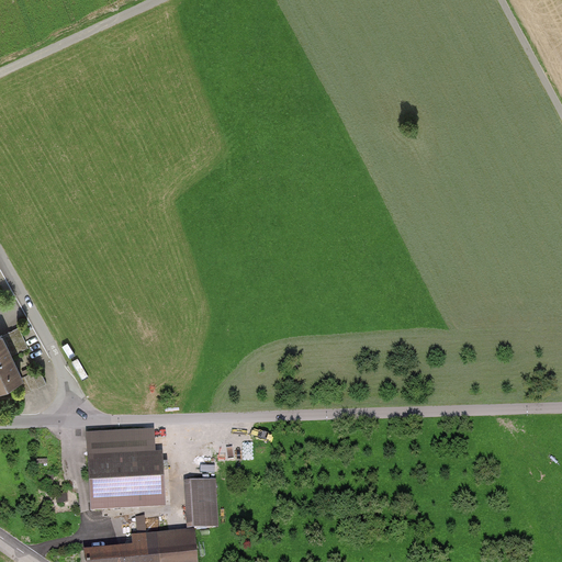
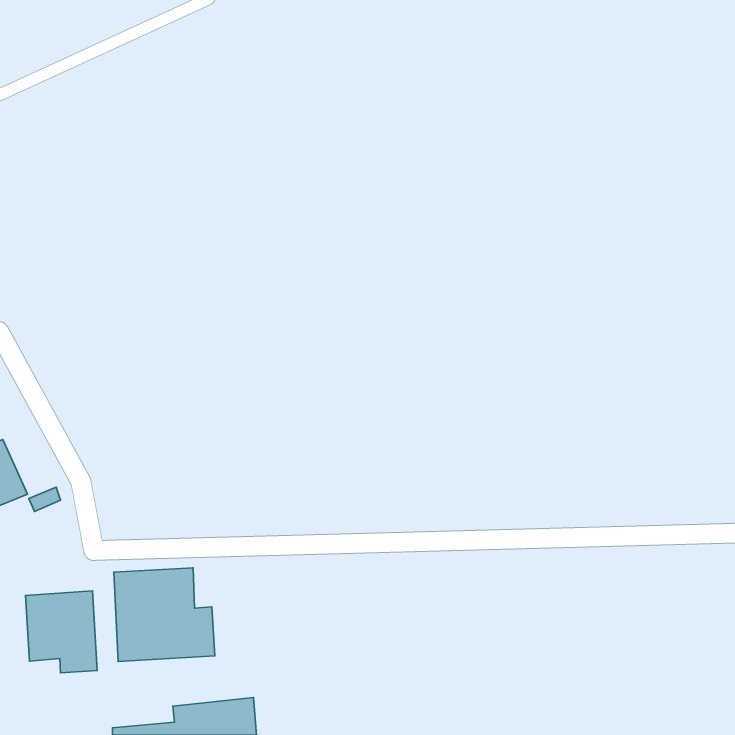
building: none -> [25,591,97,673]
building: [190,482,215,527] -> none

